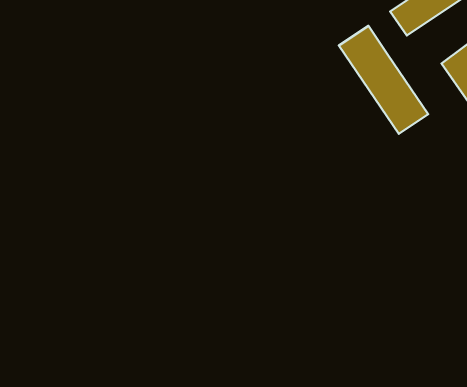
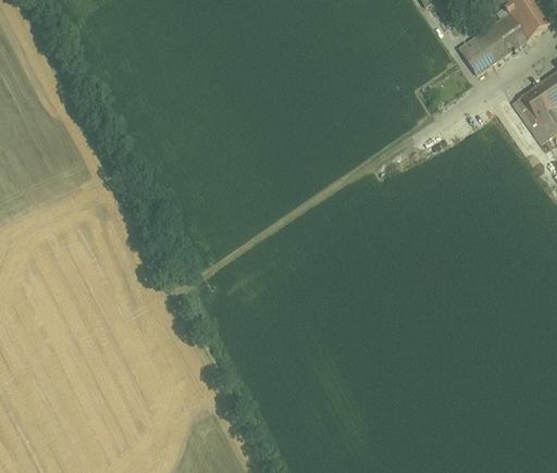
building: [339,26,428,134] -> none

